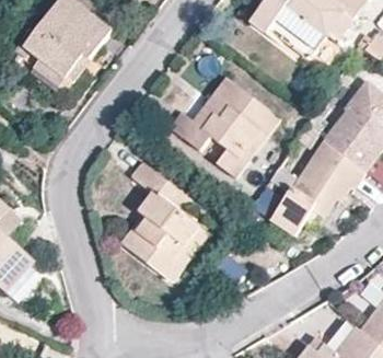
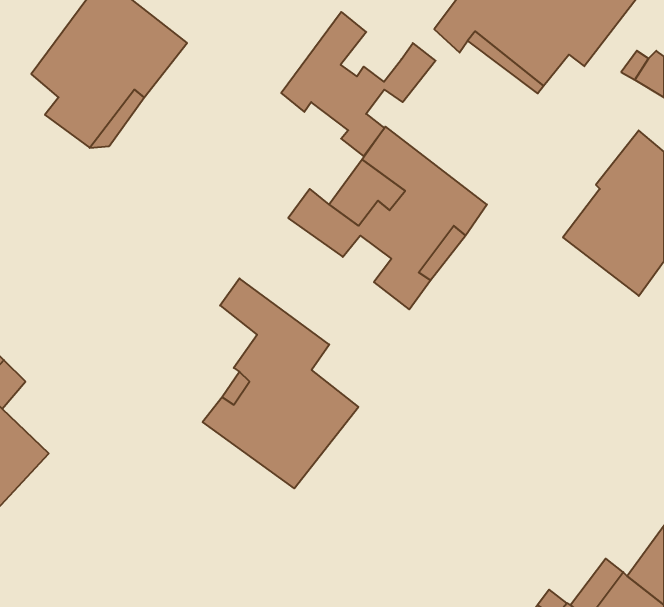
building: none -> [281,12,436,156]
building: [268,137,364,232] -> none

